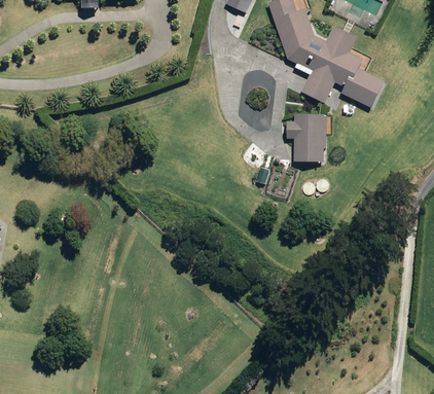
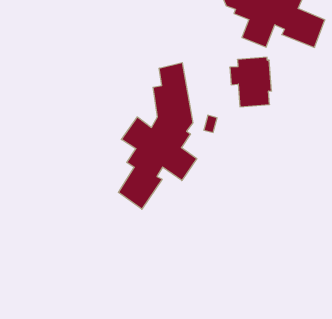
building: none -> [118,63,197,209]

